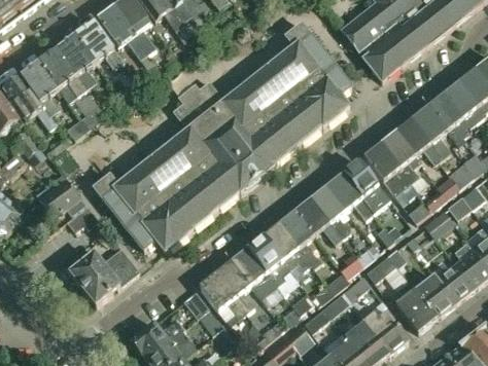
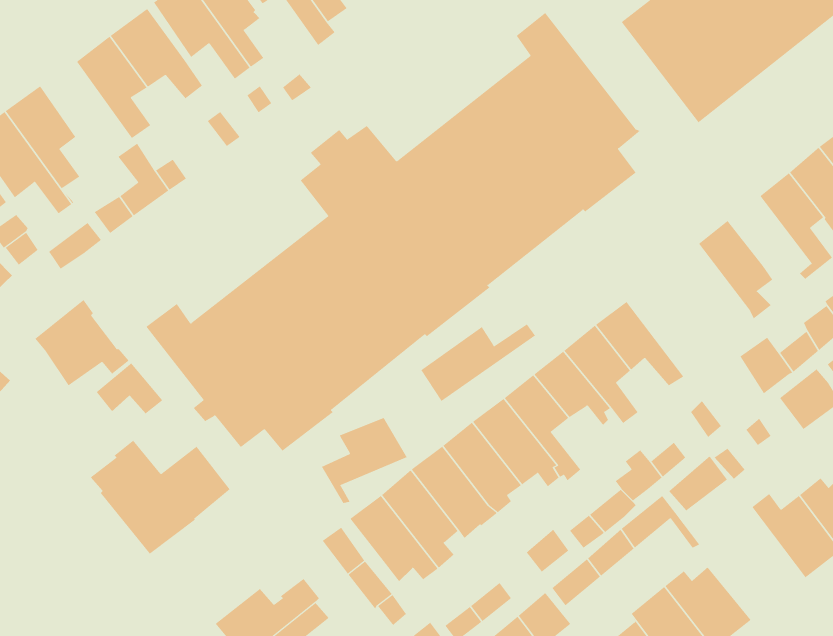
building: [39,48,86,101] -> none
building: [396,118,440,162] -> none
building: [364,143,410,194] -> none
building: [344,160,390,212] -> none
building: none -> [420,323,536,402]
building: none -> [321,417,407,504]
building: [396,280,437,331] -> none

